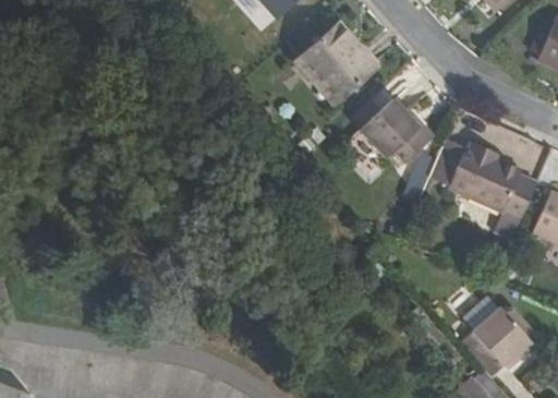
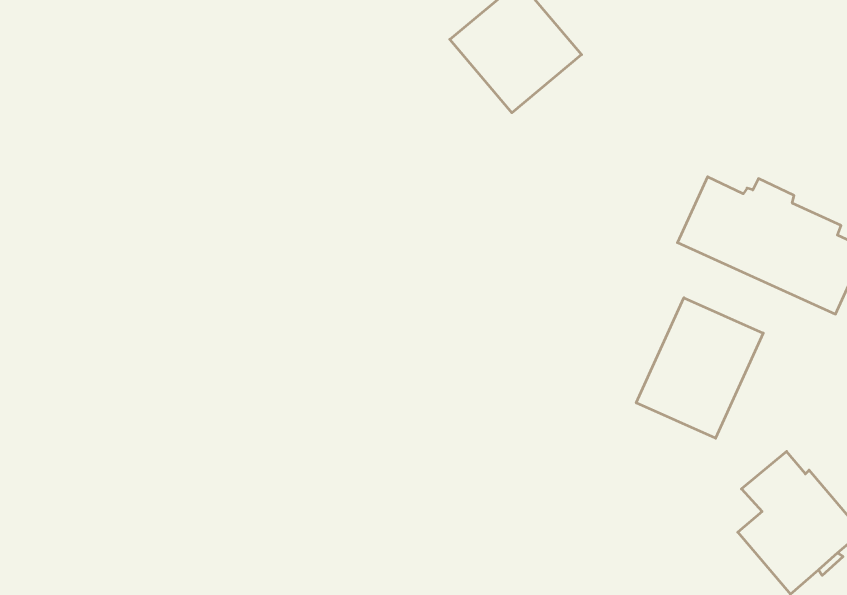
building: [357,92,434,159] -> none
building: none -> [636,298,763,438]

